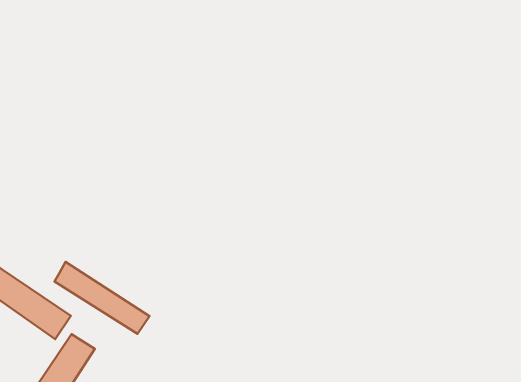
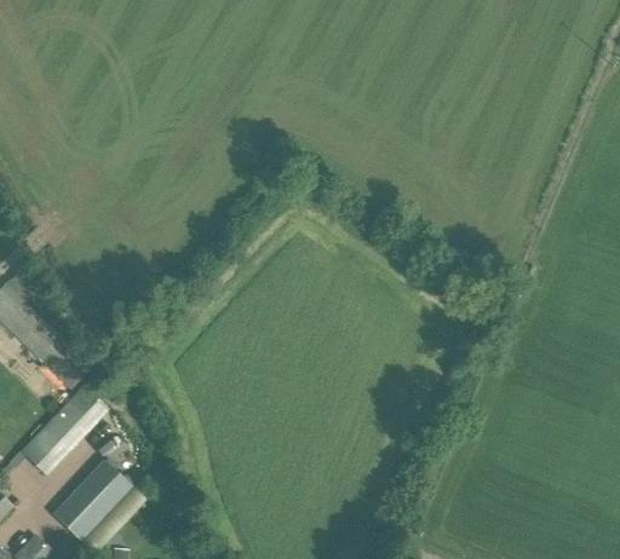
building: [54,262,149,334] -> none

